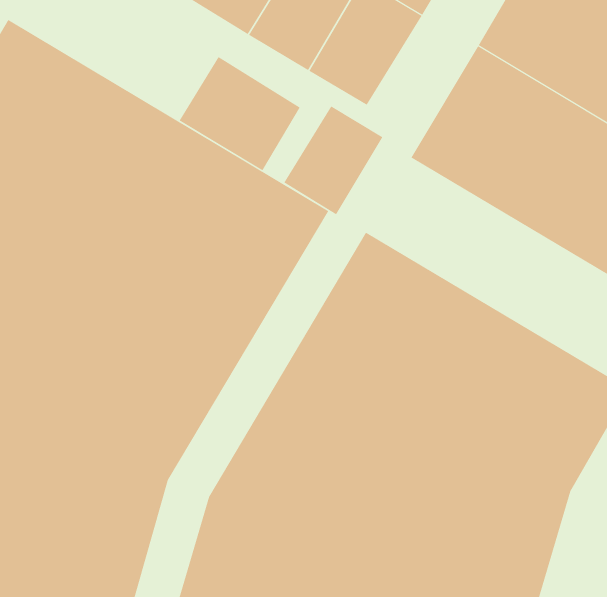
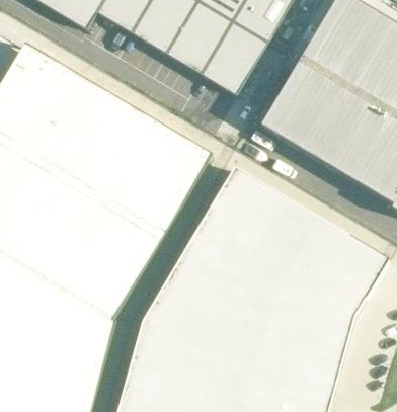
building: [179,56,301,171] -> none
building: [283,106,383,215] -> none

